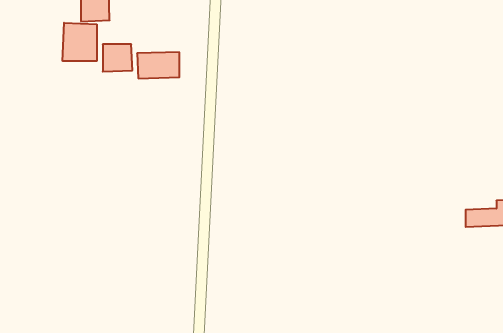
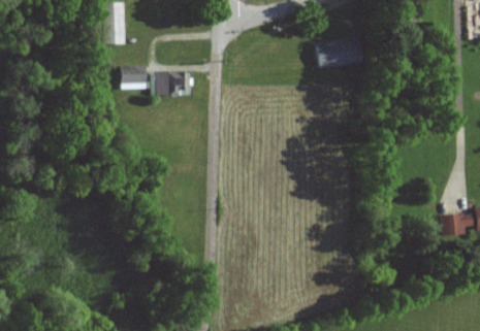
building: none -> [316,41,353,66]
building: [63,23,97,61] -> none

